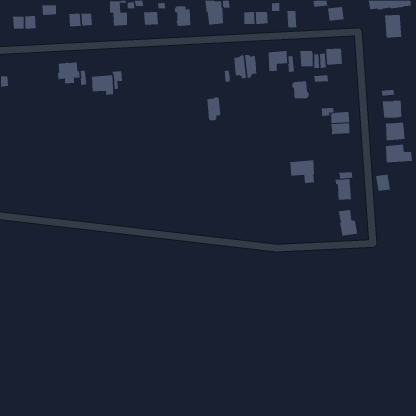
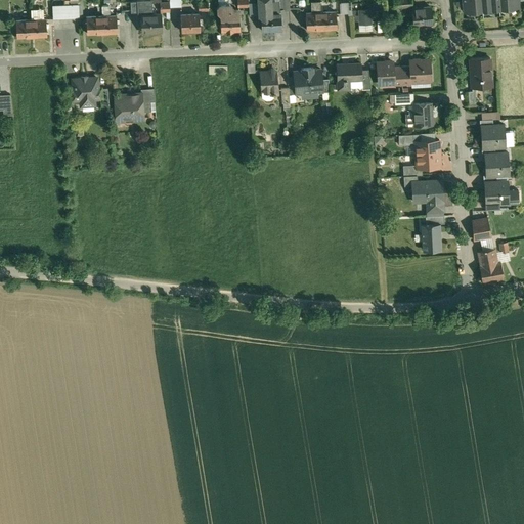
building: [384,14,402,38] -> [470,58,492,88]
building: [291,81,309,99] -> [411,103,434,126]
building: [206,97,221,121] -> [260,70,278,100]
building: [290,160,315,183] -> [411,181,443,211]
building: [338,209,358,236] -> [478,250,504,283]

